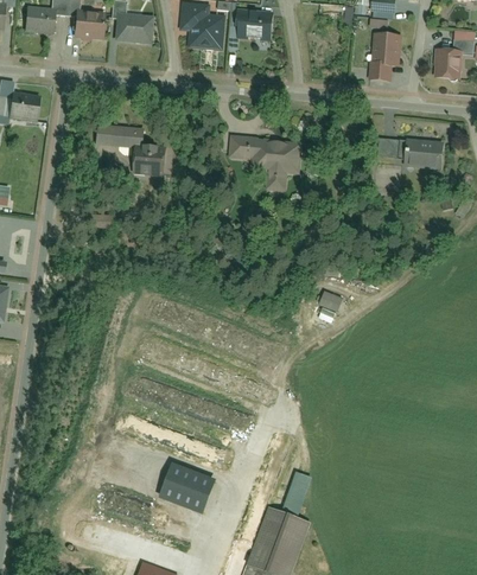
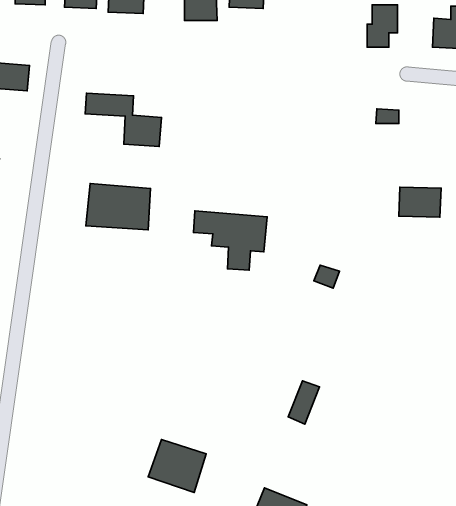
building: [231,135,304,193] -> [193,211,267,270]
building: [403,136,445,166] -> [399,187,441,217]
building: none -> [86,183,150,230]
building: [282,472,313,515] -> [288,381,319,424]

